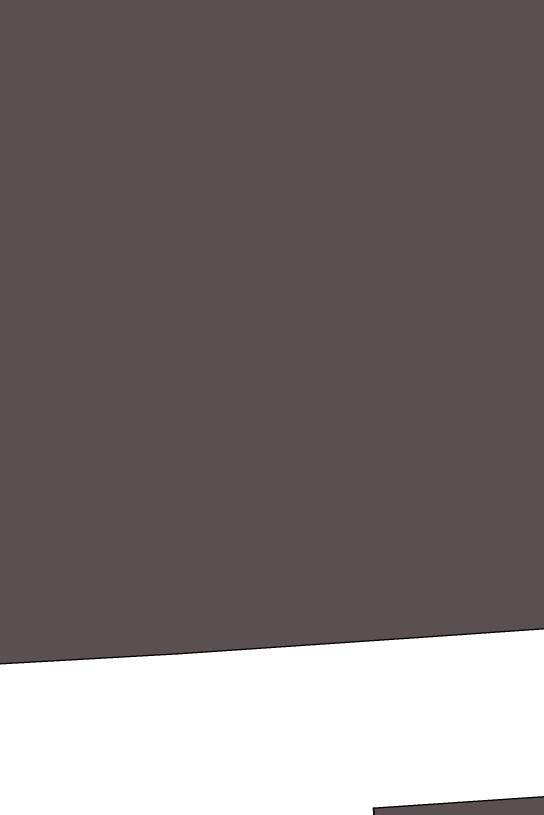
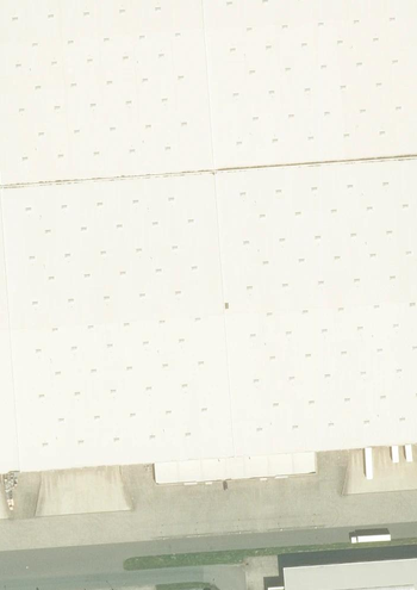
building: none -> [151,453,312,484]

